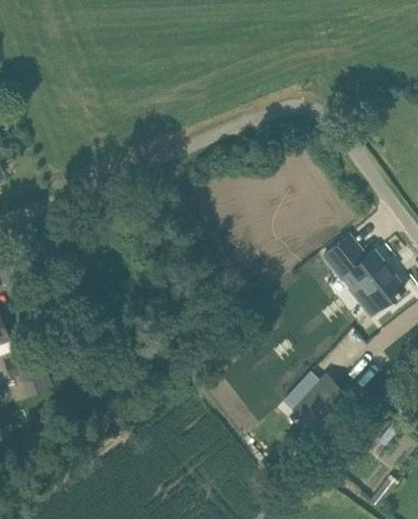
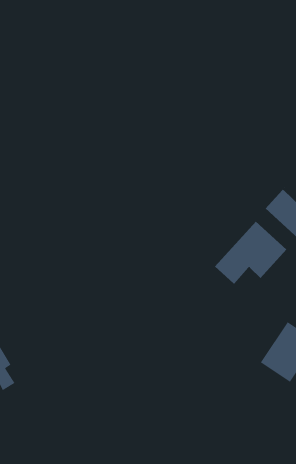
building: none -> [214,221,287,287]

